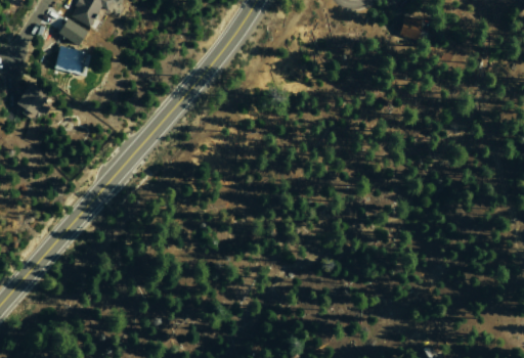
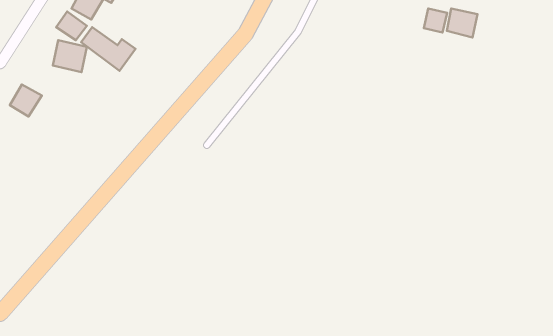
building: none -> [447,8,478,37]
building: none -> [81,27,135,71]

